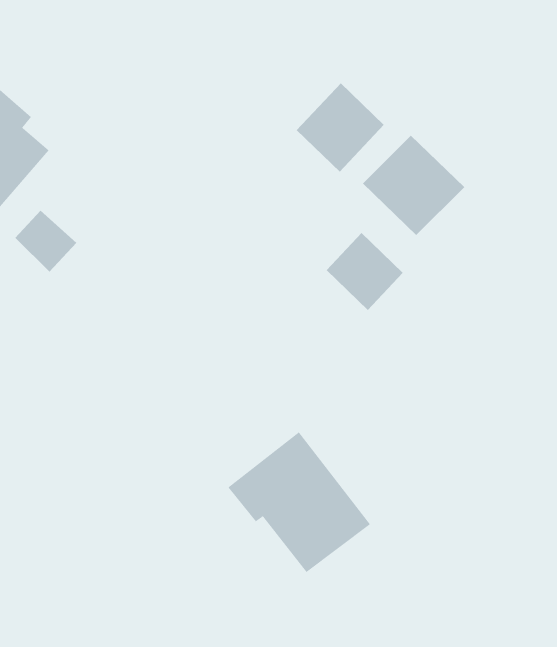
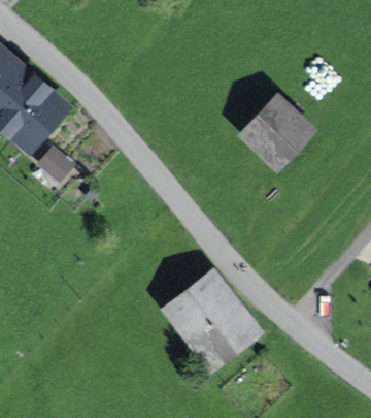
building: [296,83,385,172] -> none
building: [326,232,403,311] -> none

